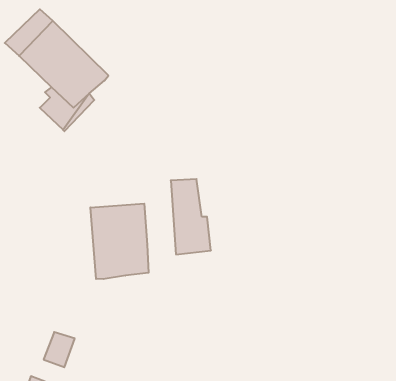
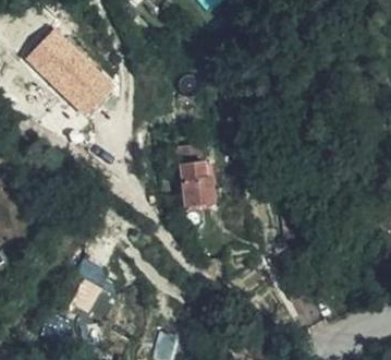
building: [90,204,149,279] -> none

